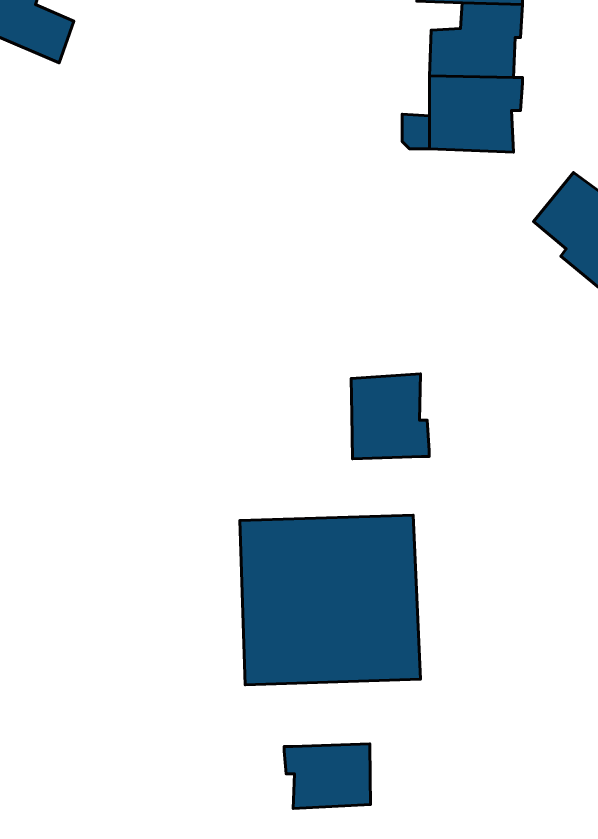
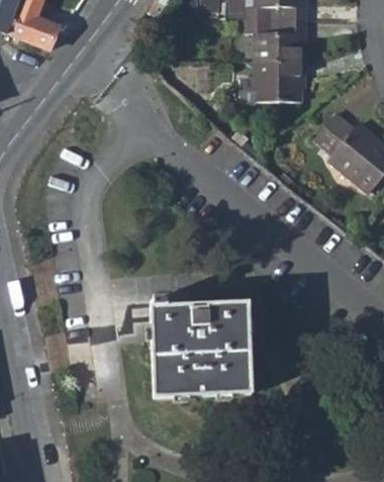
building: [351,374,429,459] -> none
building: [284,744,370,809] -> none

